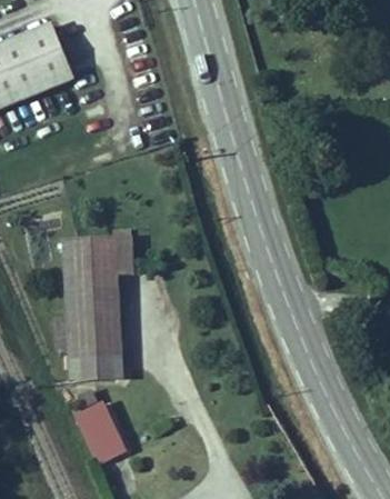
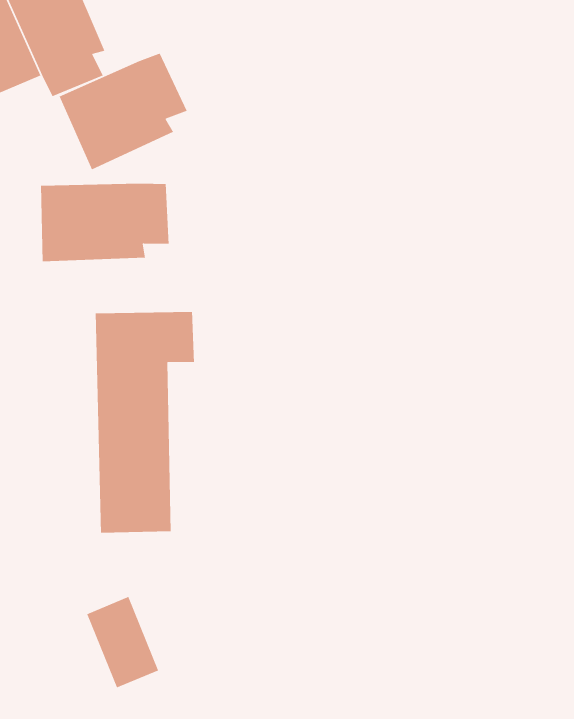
building: none -> [58,52,188,170]
building: none -> [40,183,170,262]

